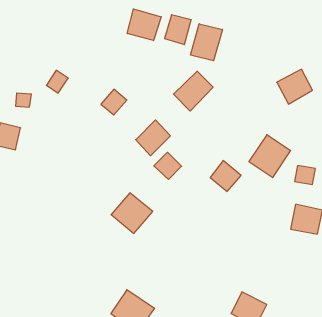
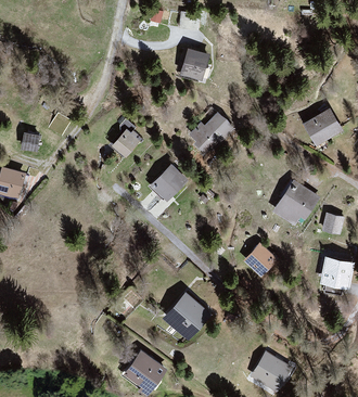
building: [127,9,161,41] -> none
building: [191,24,222,61] -> none
building: [154,152,182,179] -> none
building: [210,161,241,191] -> [244,242,278,276]
building: [111,193,153,233] -> [163,292,208,336]

